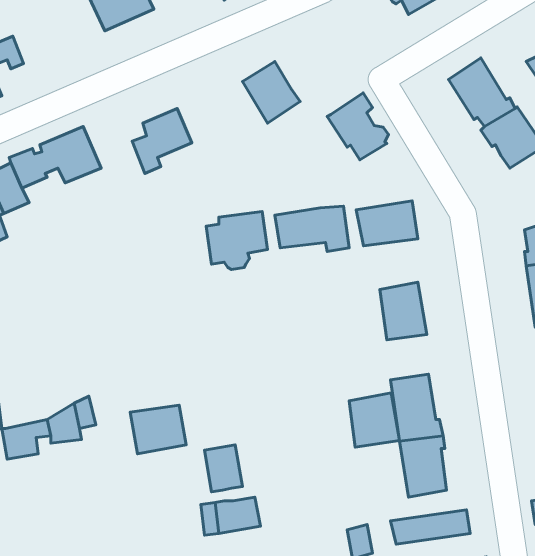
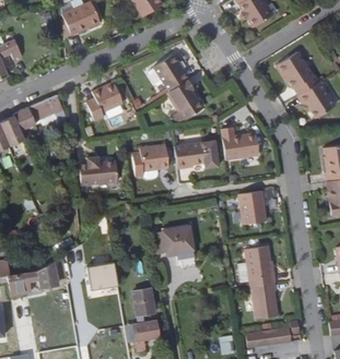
building: [327,93,389,160] -> [167,79,204,119]
building: none -> [79,157,118,187]
building: none -> [161,224,191,250]
building: [349,393,400,447] -> none

